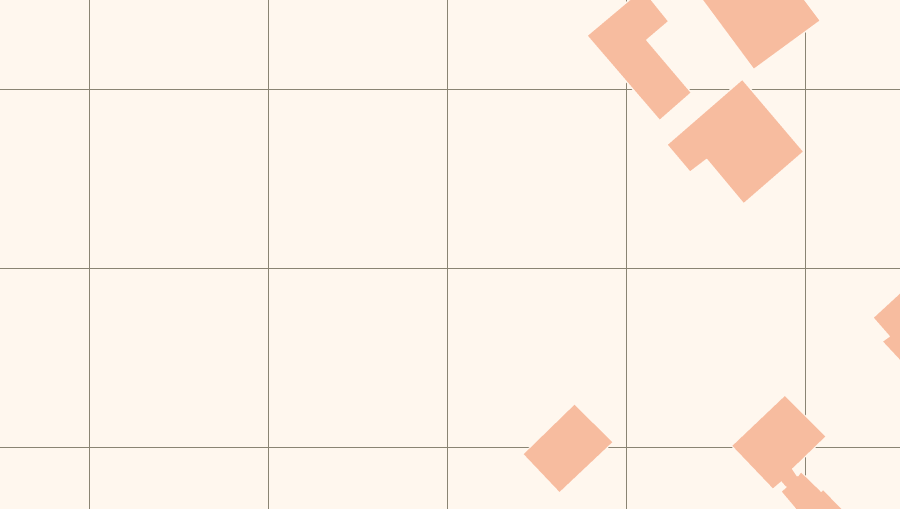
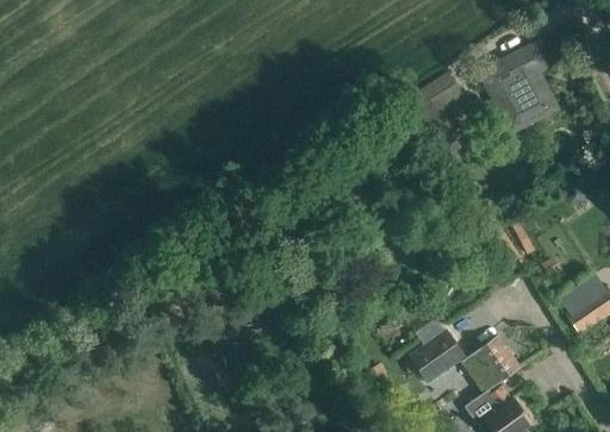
building: [667,79,804,204] -> none
building: [523,404,613,493] -> [409,328,466,382]

